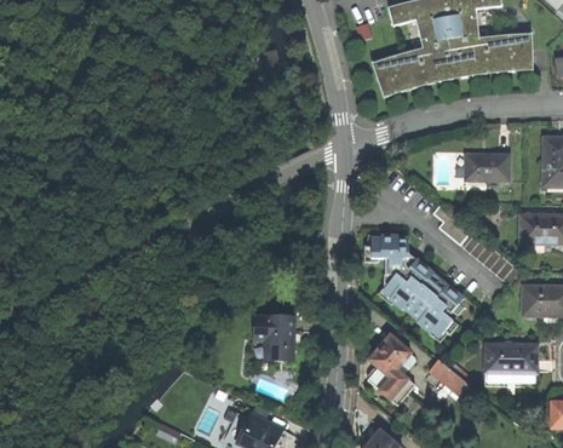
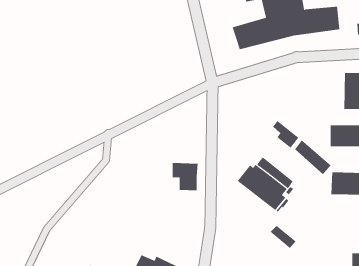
building: [465,155,509,182] -> none
building: [364,232,410,274] -> none
building: [252,316,292,358] -> [172,163,198,191]
building: [366,337,410,407] -> none
building: [483,340,538,373] -> none

